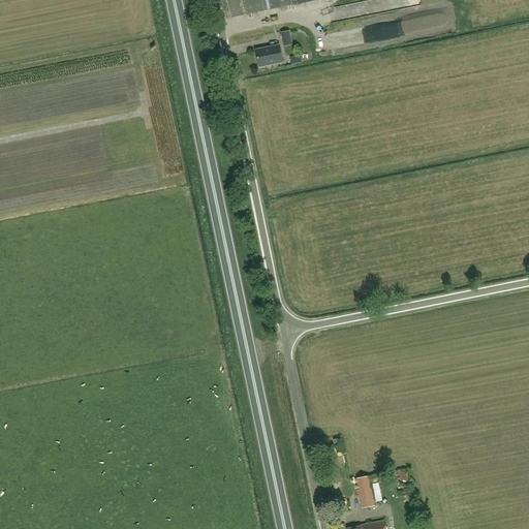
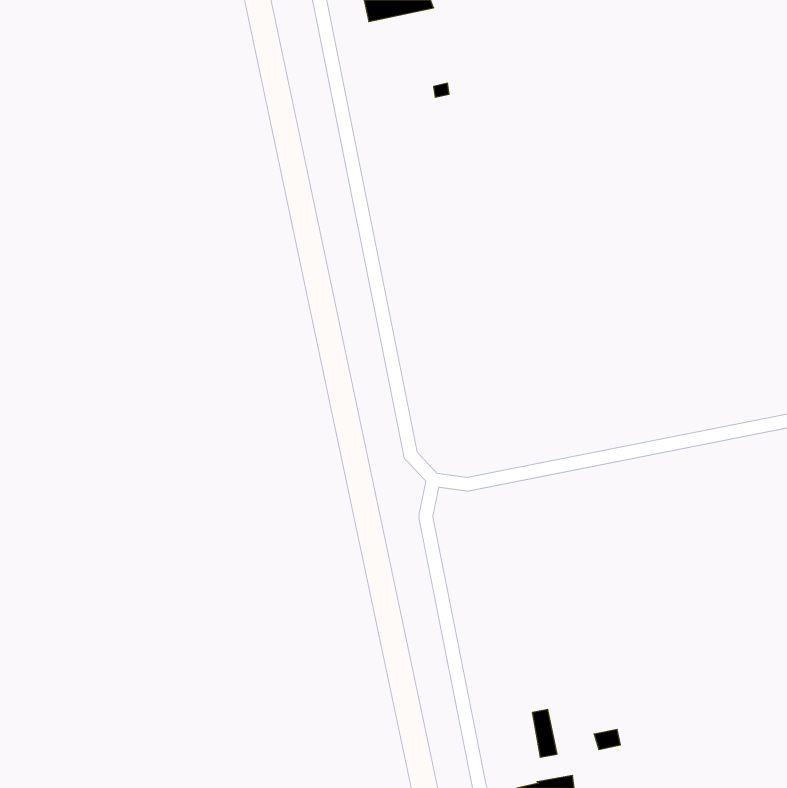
building: [254,44,282,67] -> none

